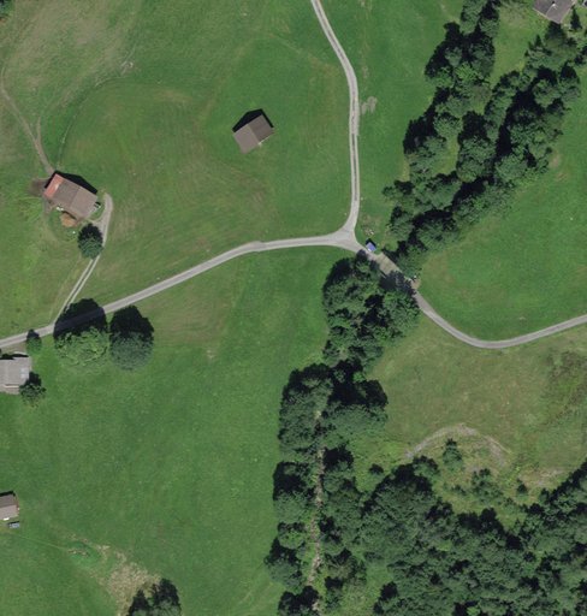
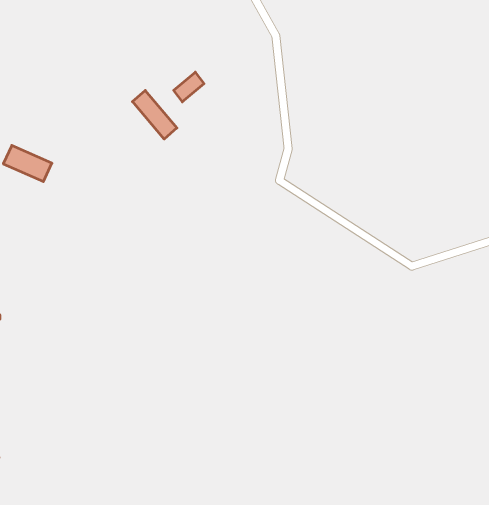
building: none -> [132,90,177,139]

